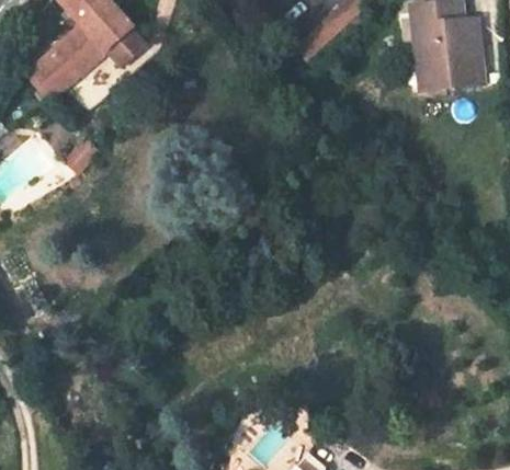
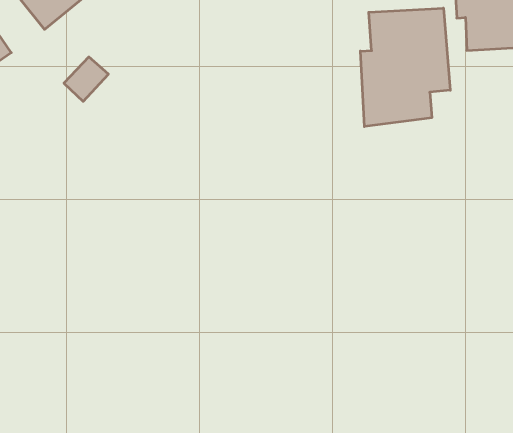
building: none -> [360,8,450,127]

